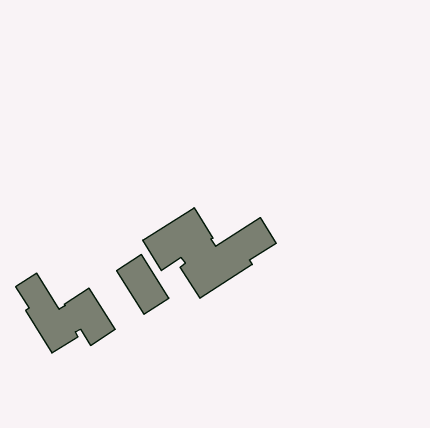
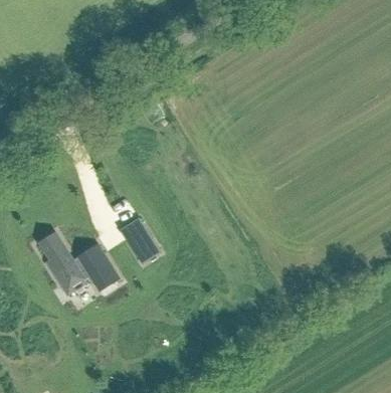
building: [143,208,276,298] -> none

